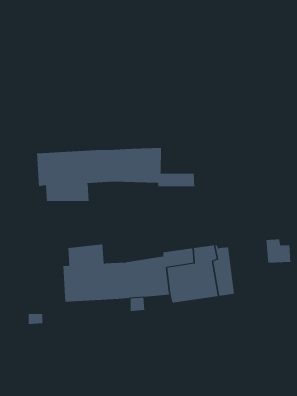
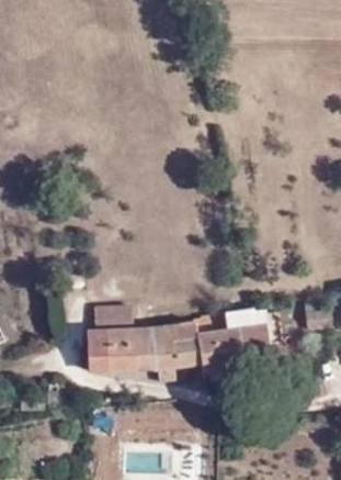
building: [36,147,195,202] -> none

